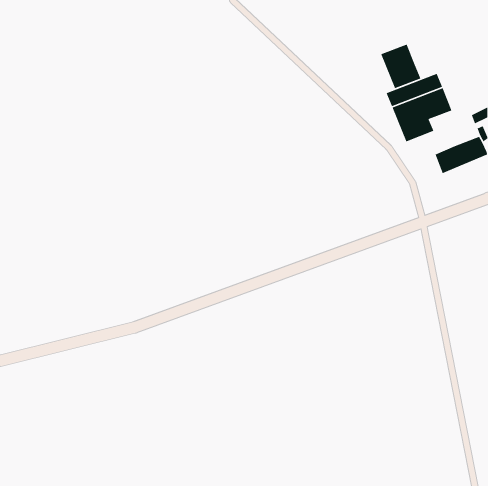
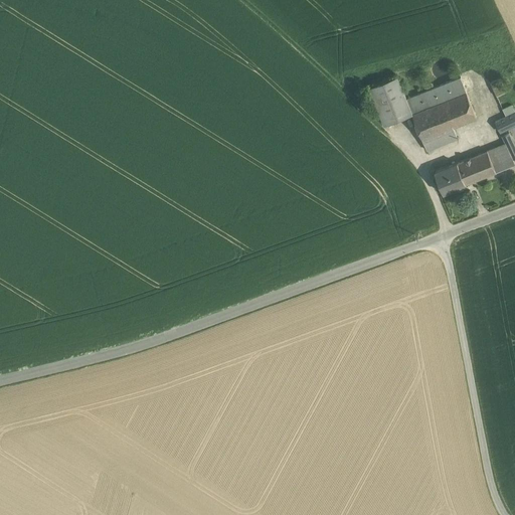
building: [380,43,421,89] -> [368,78,411,127]
building: none -> [435,165,465,195]

